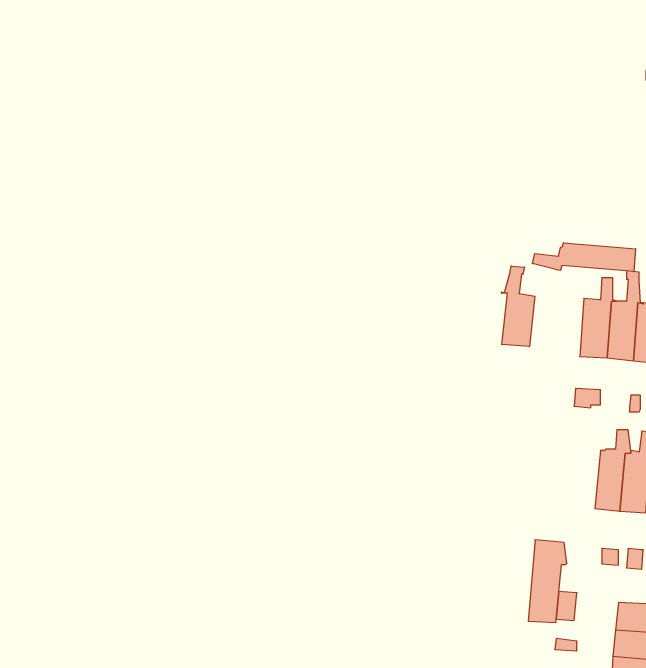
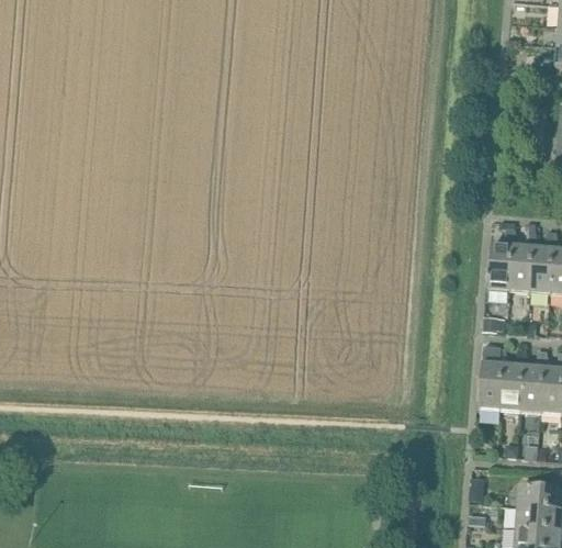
building: [532,243,636,272] -> none
building: [501,266,535,347] -> none
building: [528,540,567,623] -> [479,346,509,412]

